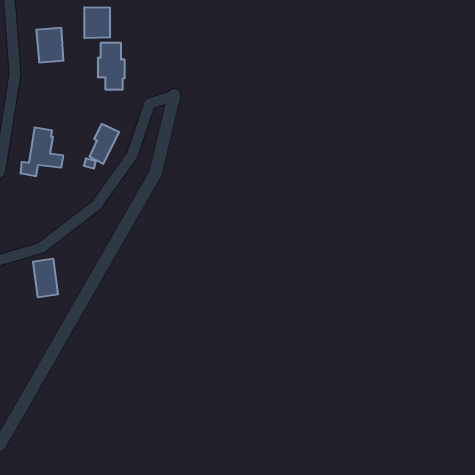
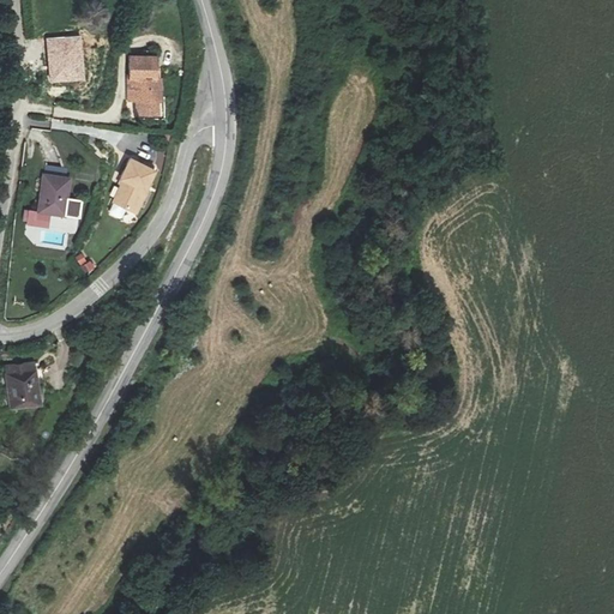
building: [84,7,110,38] -> none
building: [33,259,58,297] -> [5,360,37,409]

